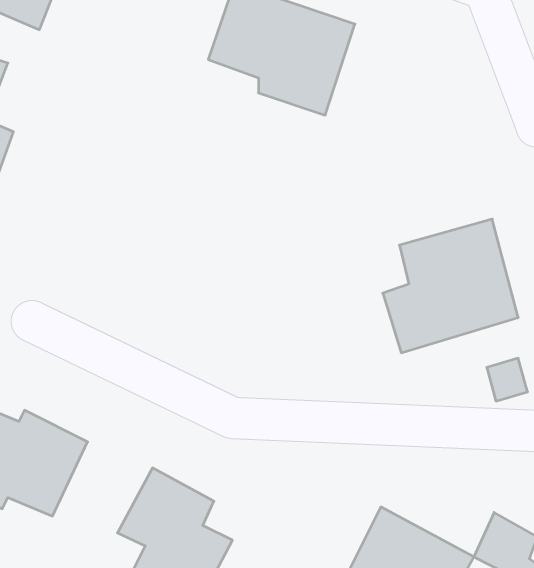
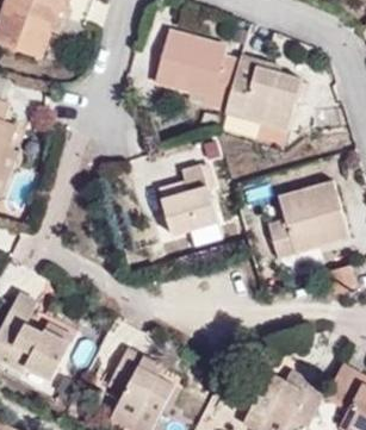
building: none -> [228,57,318,141]
building: none -> [156,163,221,238]

